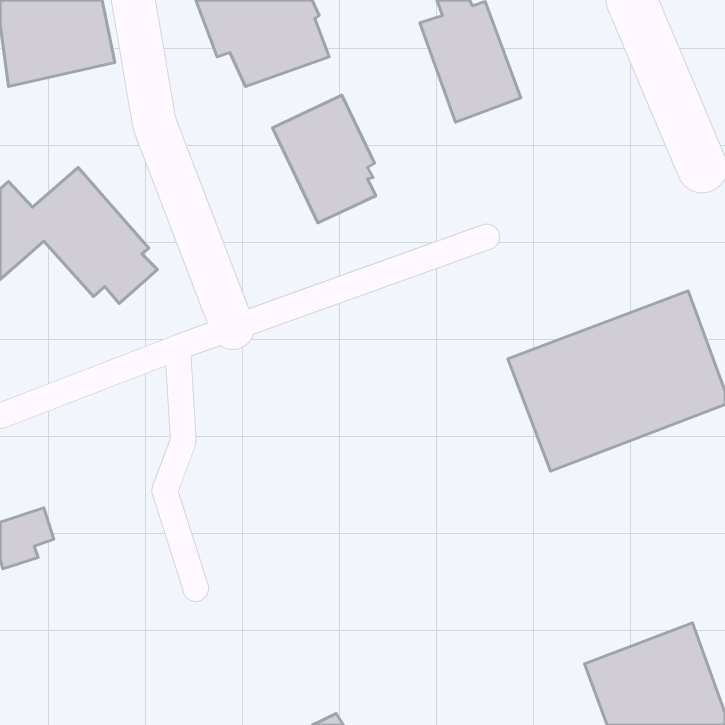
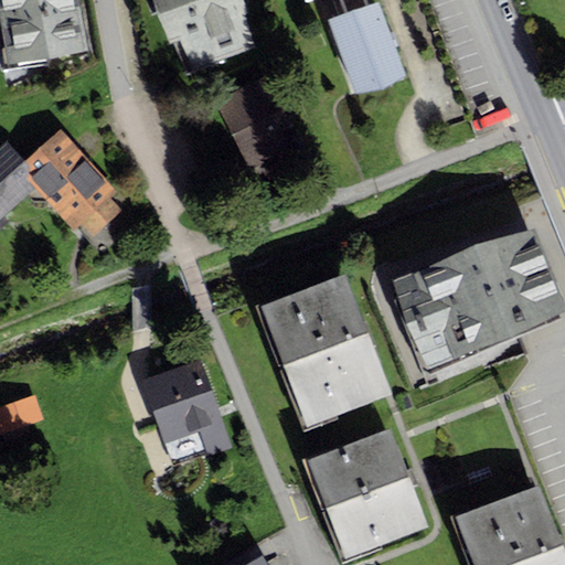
building: none -> [260,274,392,426]
building: none -> [140,359,232,465]
building: none -> [308,429,427,557]

